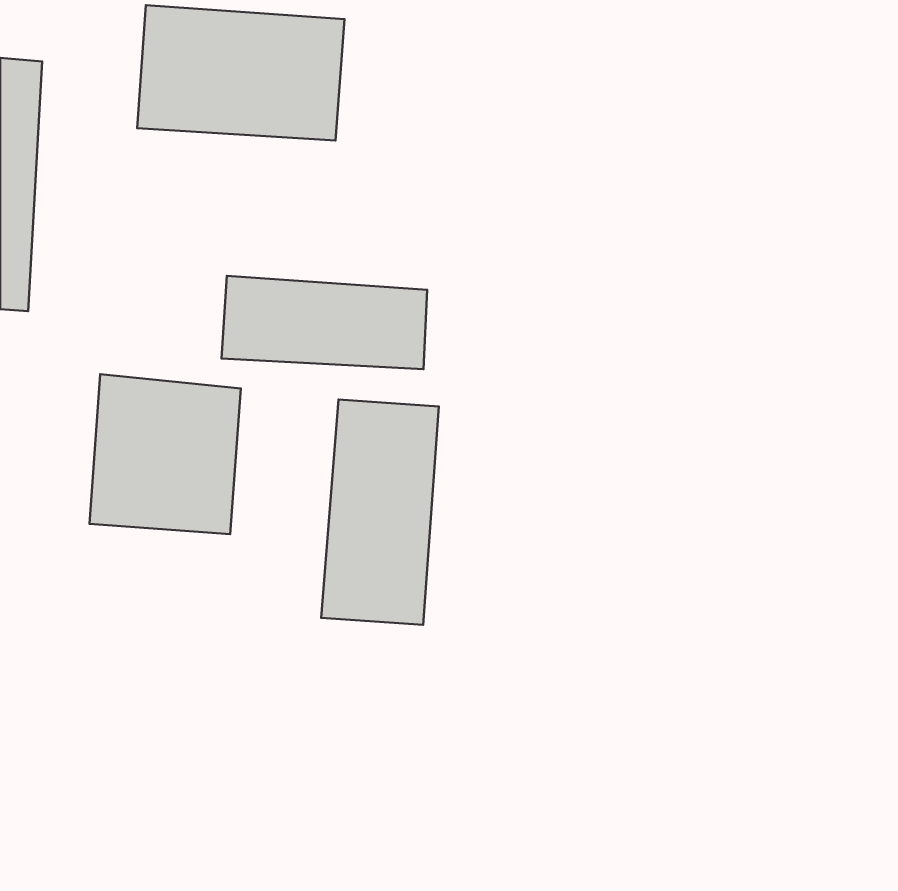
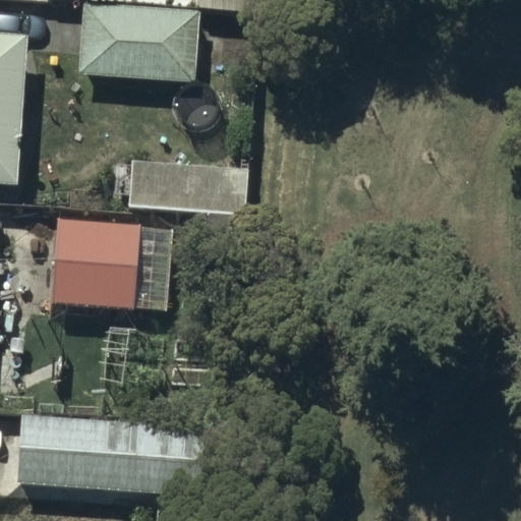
building: [321,399,439,625] -> none
building: none -> [16,413,191,494]

